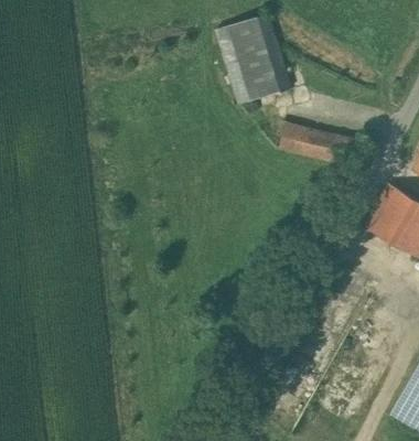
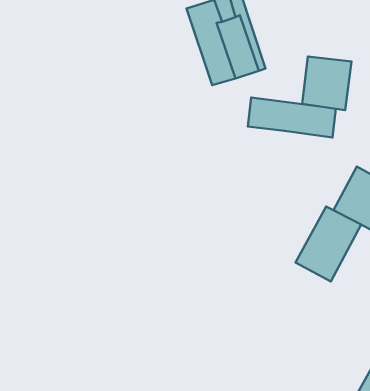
building: none -> [302,56,352,110]
building: none -> [295,206,361,282]

